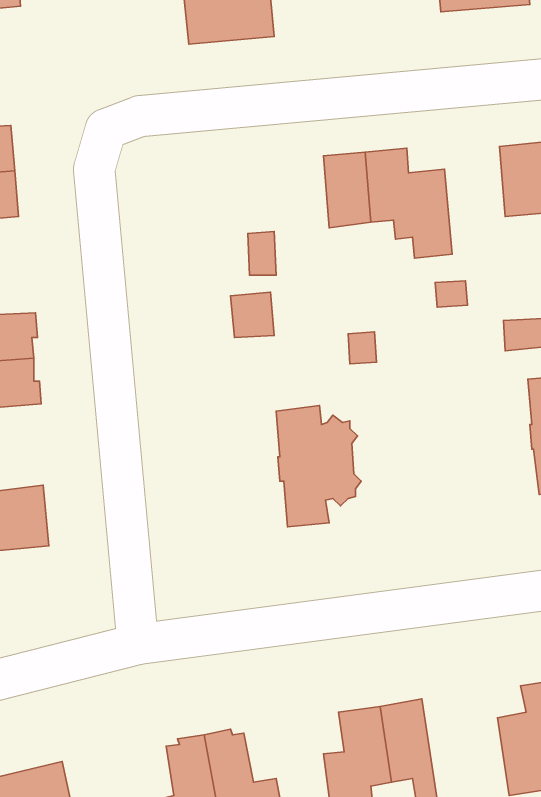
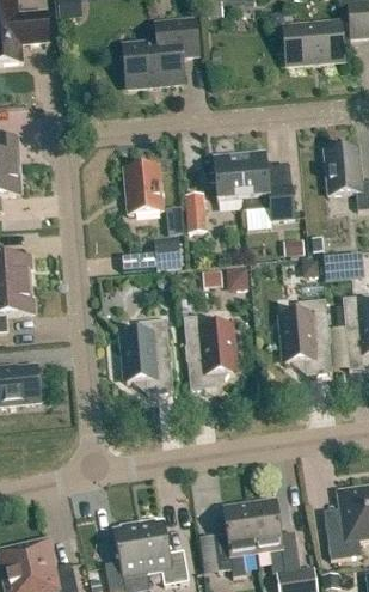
building: none -> [123,164,162,213]
building: none -> [184,191,205,232]
building: none -> [277,298,331,374]
building: none -> [118,318,173,393]

